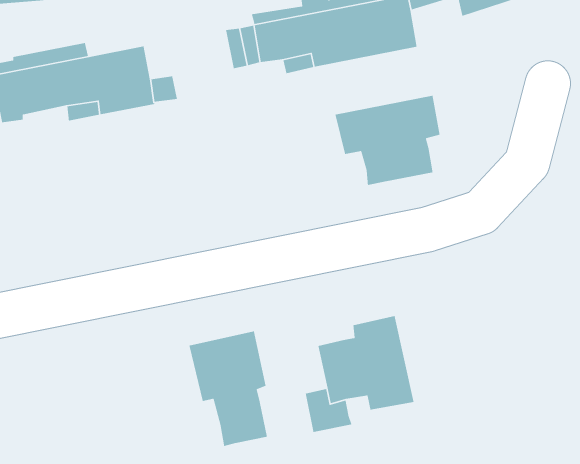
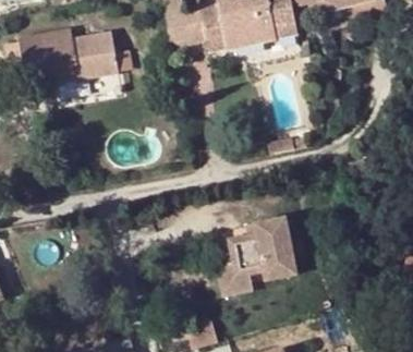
building: [334,95,441,186] -> none
building: [188,331,268,447] -> none

